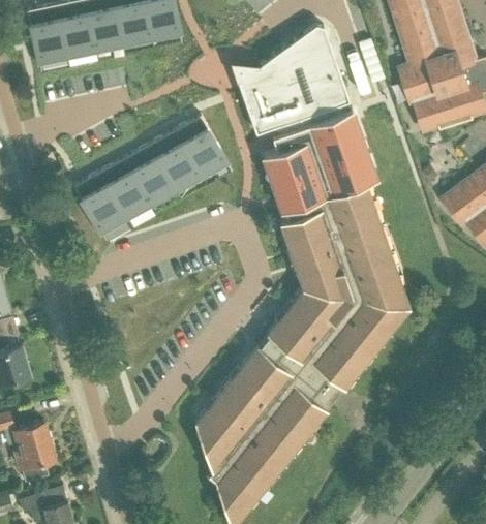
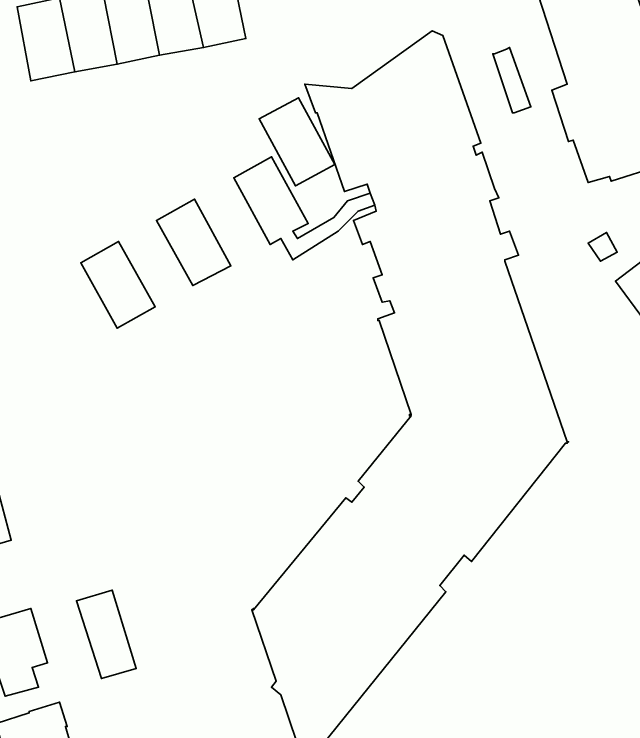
building: [155,128,207,188] -> [259,98,335,186]
building: [103,157,154,216] -> none
building: none -> [77,590,136,678]

